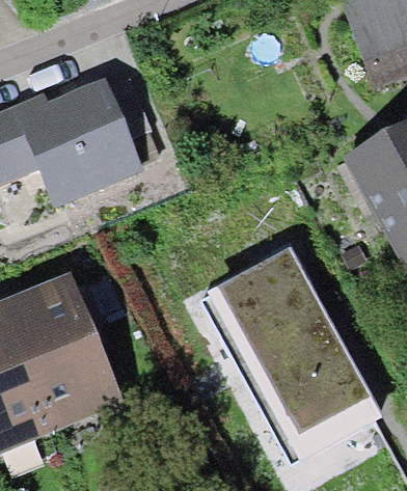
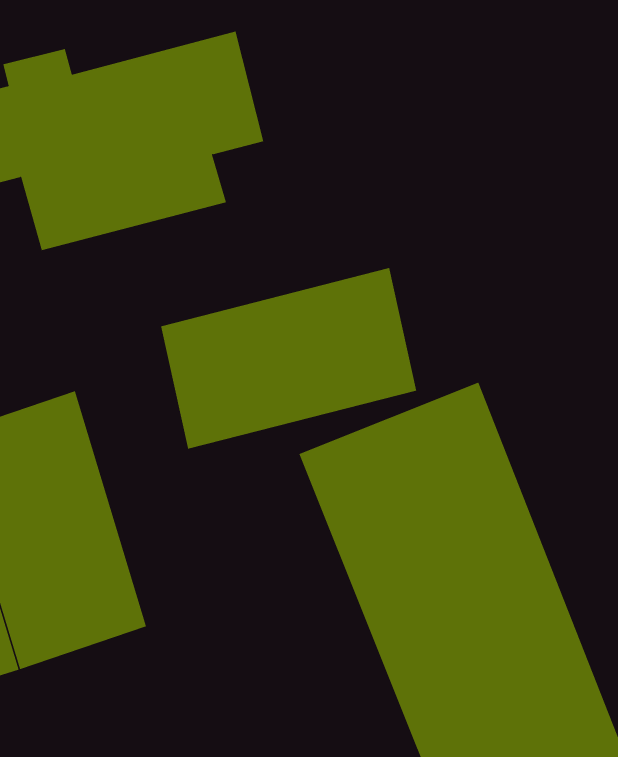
building: none -> [160,267,417,450]

